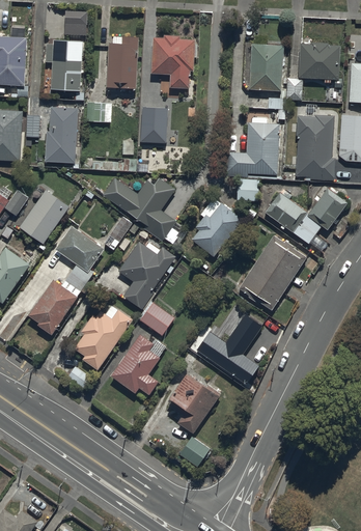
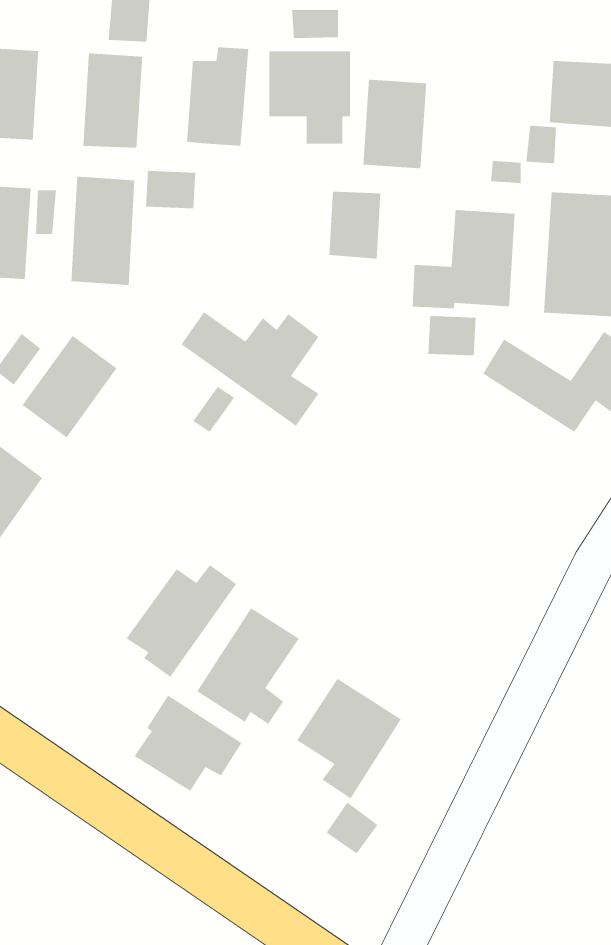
building: none -> [291,9,339,39]
building: [248,43,282,90] -> [362,79,427,169]
building: [137,104,165,140] -> [328,191,381,259]
building: [190,203,242,258] -> none
building: [25,226,103,335] -> none
building: [237,234,306,311] -> none
building: [117,241,174,308] -> none
building: [139,302,174,335] -> none
building: [194,310,259,381] -> none
building: none -> [134,694,243,792]

